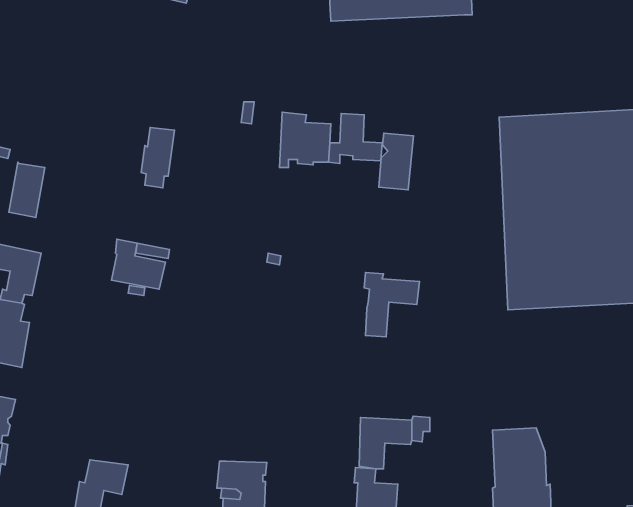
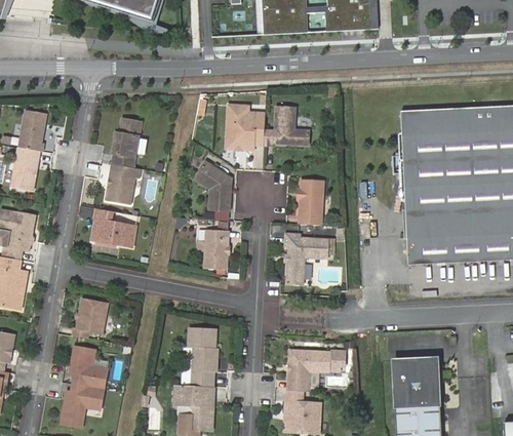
building: none -> [17,111,45,150]
building: [379,133,413,190] -> [297,180,324,225]
building: none -> [198,161,232,210]
building: none -> [105,163,139,204]
building: none -> [197,229,228,270]
building: none -> [73,298,108,338]
building: none -> [183,327,219,386]
building: none -> [72,345,108,388]

